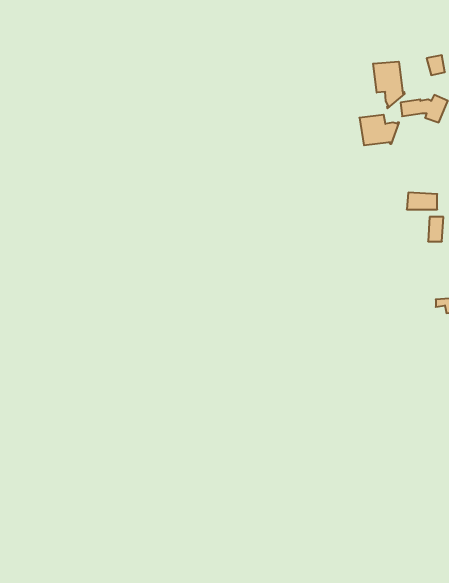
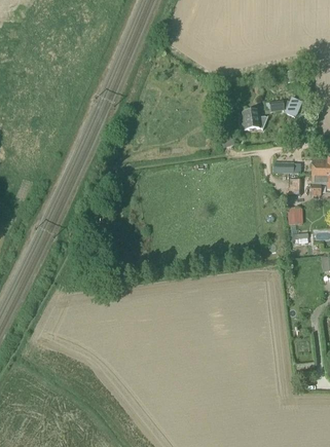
building: [373,62,405,108] -> none

